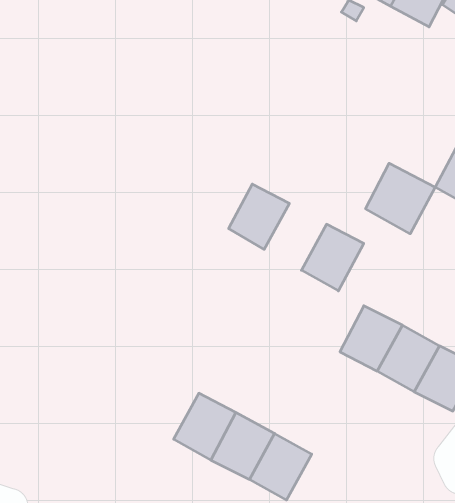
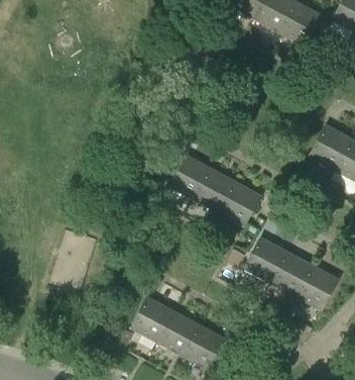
building: [366,163,435,234] -> none
building: none -> [192,167,234,212]

